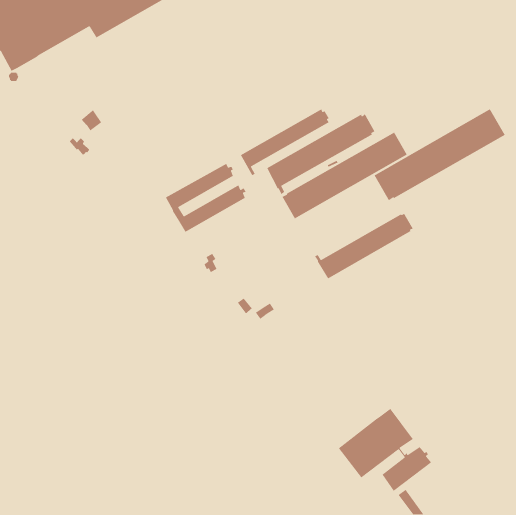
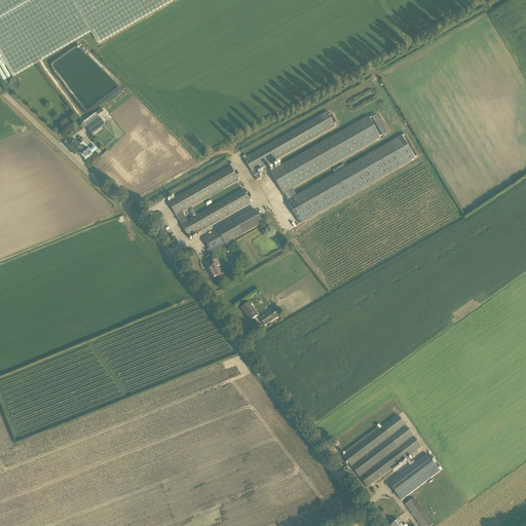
building: [373,108,506,202] -> none
building: none -> [202,209,262,251]
building: [314,213,414,279] -> none

